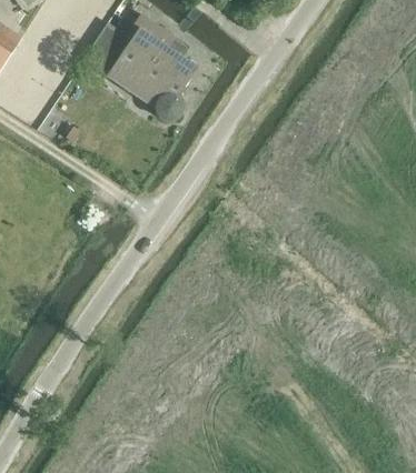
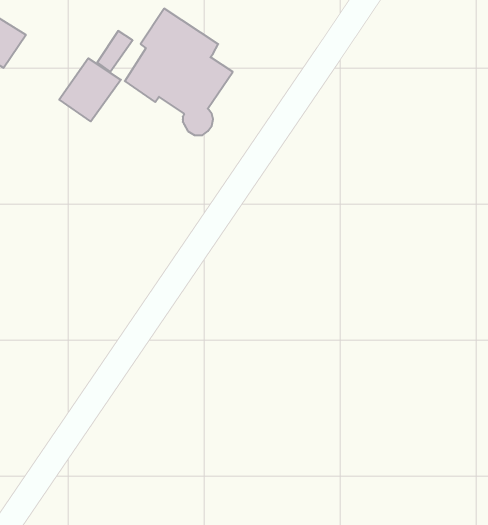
building: none -> [59,58,121,121]

